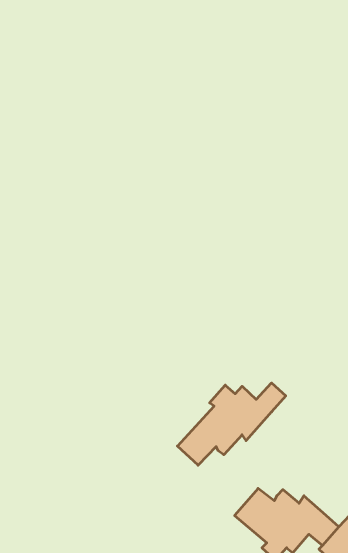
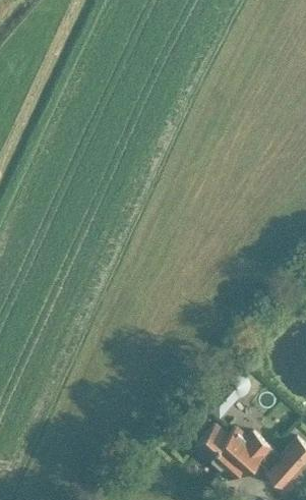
building: [177,383,286,465] -> none

